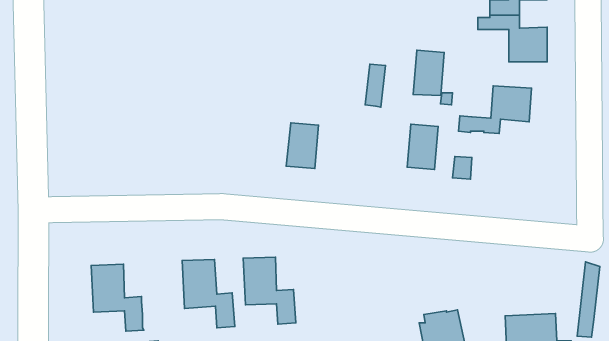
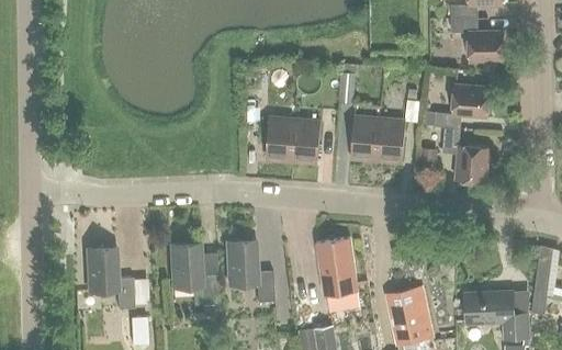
building: [413,50,444,96] -> [350,115,379,157]
building: none -> [291,118,319,160]
building: none -> [443,125,488,180]
building: none -> [315,236,359,309]

